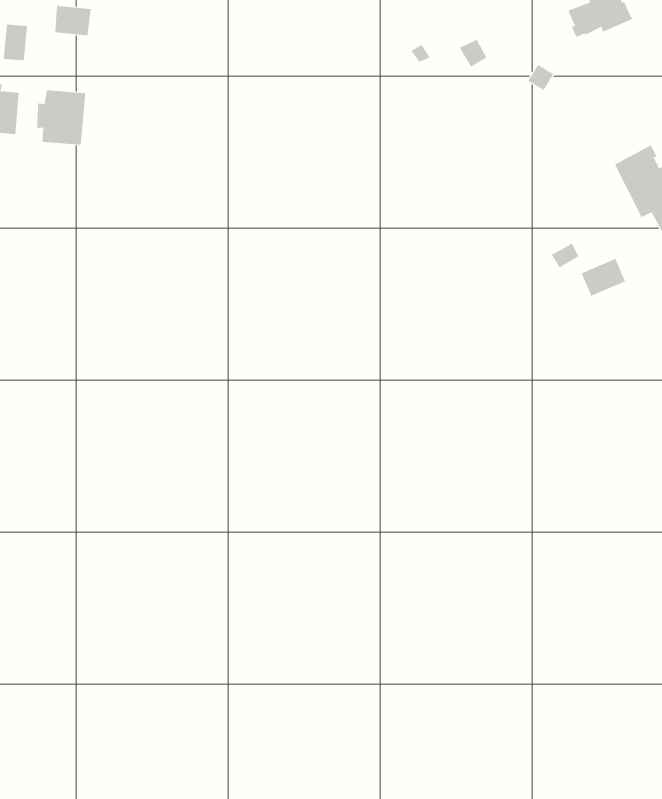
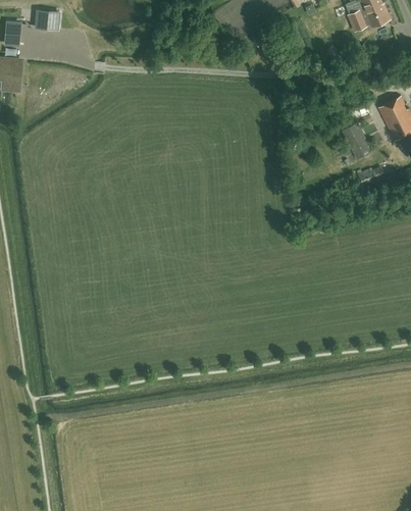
building: [36,89,86,145] -> none
building: none -> [342,122,372,159]

